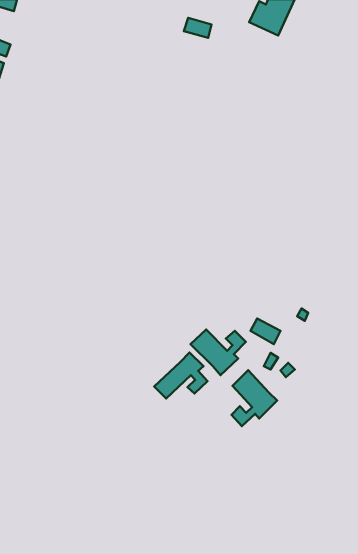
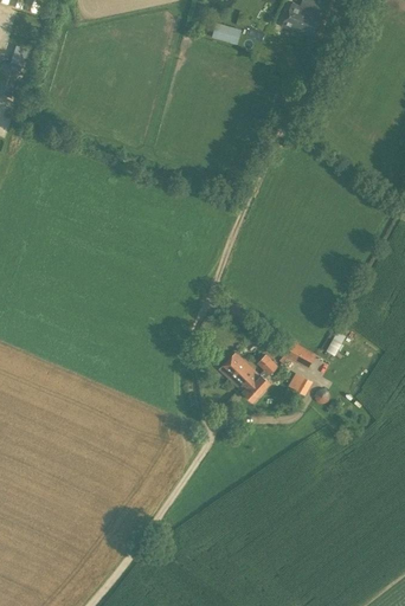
building: [154,352,207,398] -> none
building: [231,370,277,426] -> none

